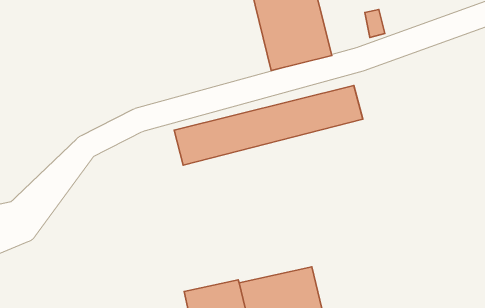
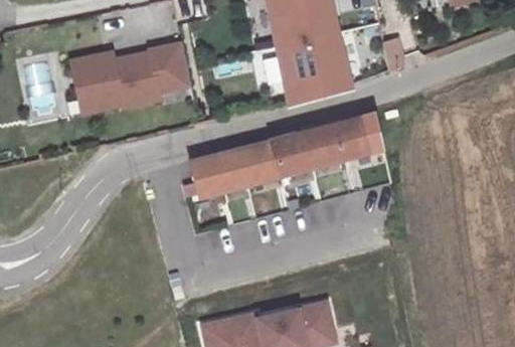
building: none -> [68,38,188,120]

